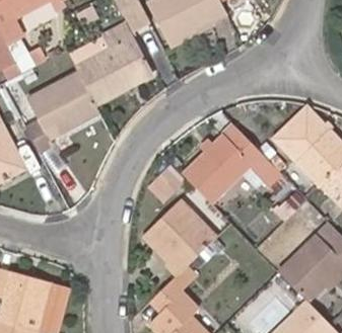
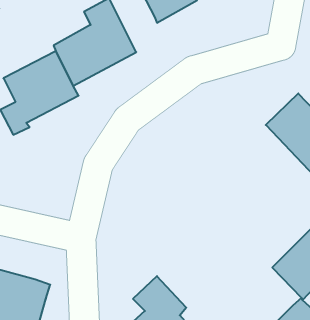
building: [183,124,269,201] -> none
building: [143,199,216,275] -> none

